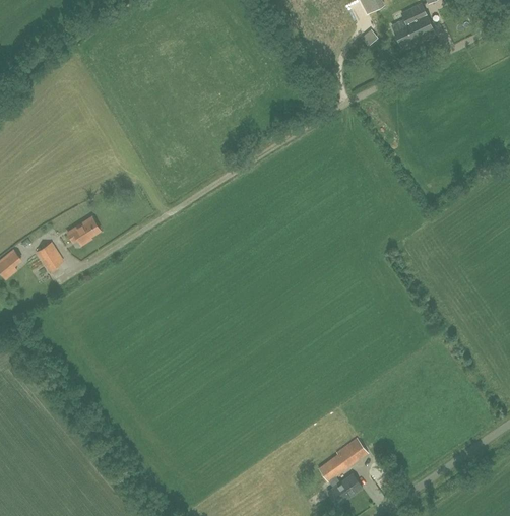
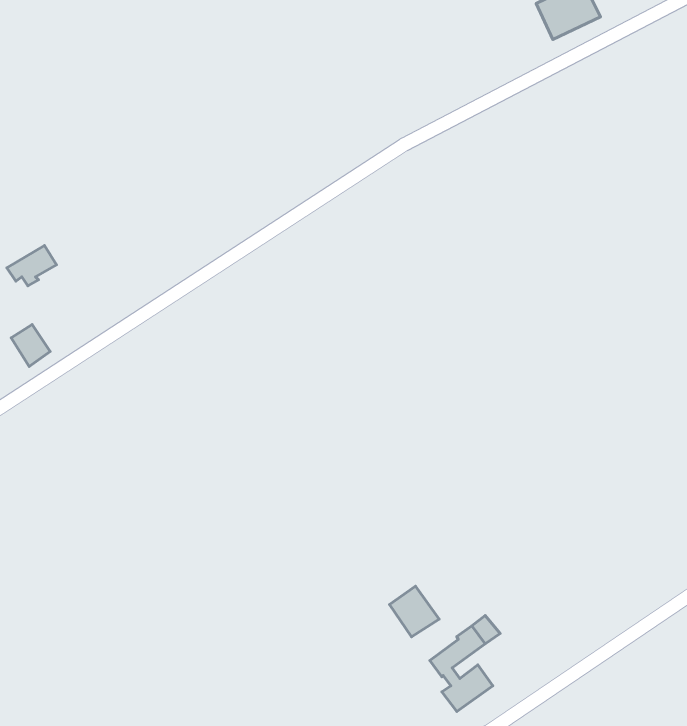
building: [67,216,101,244] -> [7,245,56,286]
building: none -> [389,586,439,637]

